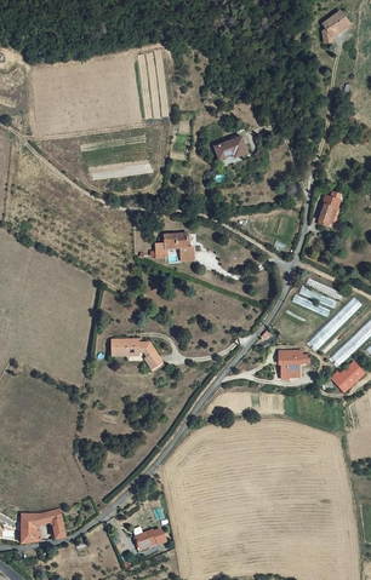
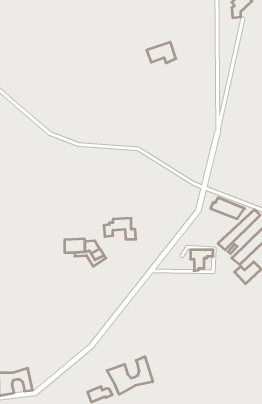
building: [209,132,247,160] -> [147,42,176,63]
building: [316,191,343,229] -> none
building: [149,231,192,259] -> [104,218,136,239]
building: none -> [107,357,153,394]

